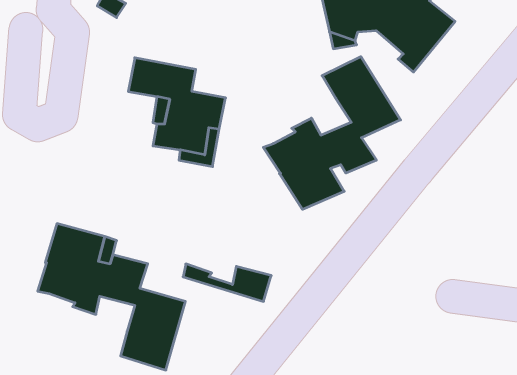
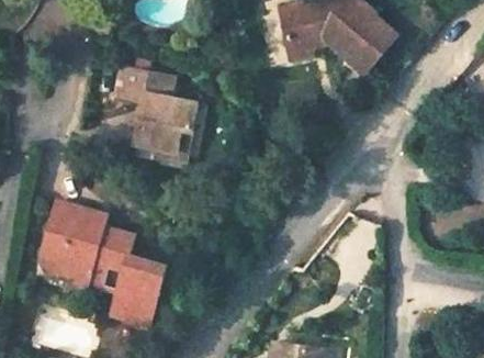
building: [263,57,401,209] -> none
building: [183,264,271,301] -> [47,262,122,294]

